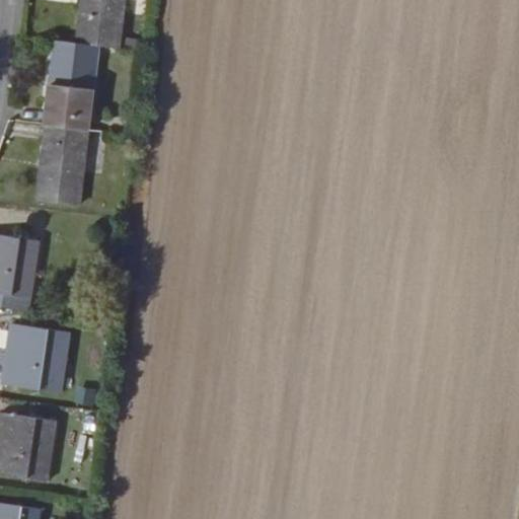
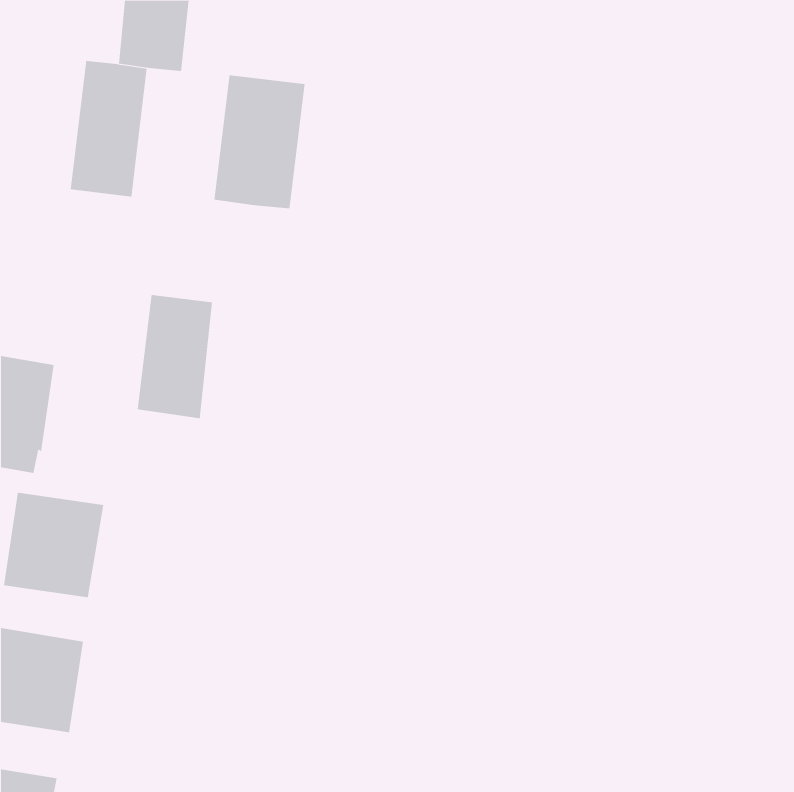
building: none -> [214,75,305,209]
building: [36,125,86,206] -> [137,294,213,419]

